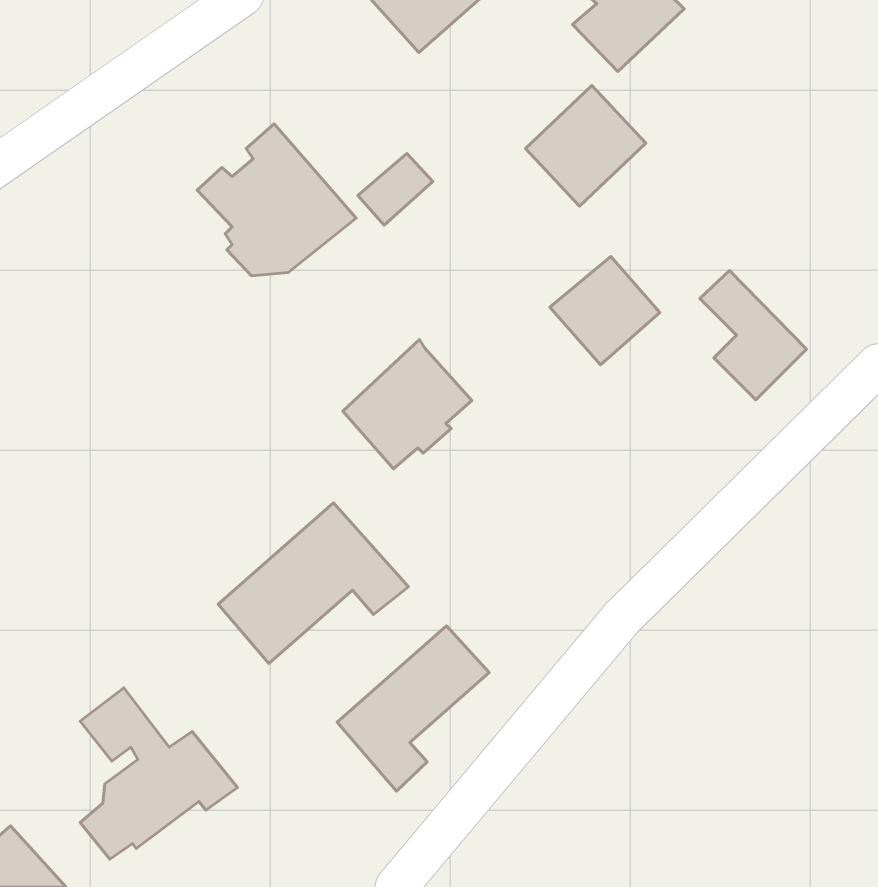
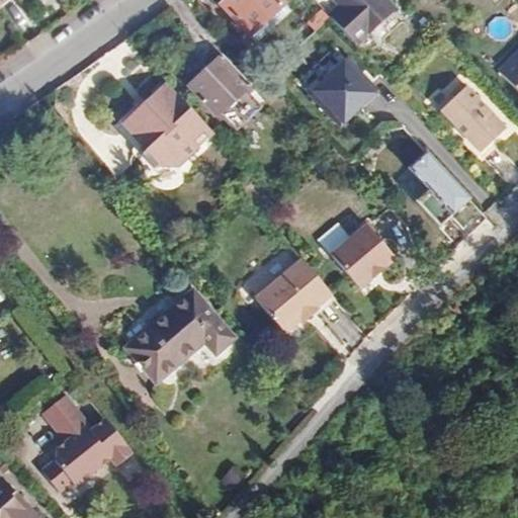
building: none -> [181,45,243,106]
building: none -> [432,82,497,153]
building: [550,257,660,365] -> [331,226,395,288]
building: [343,340,472,469] -> [258,257,333,332]
building: [337,626,489,791] -> none

